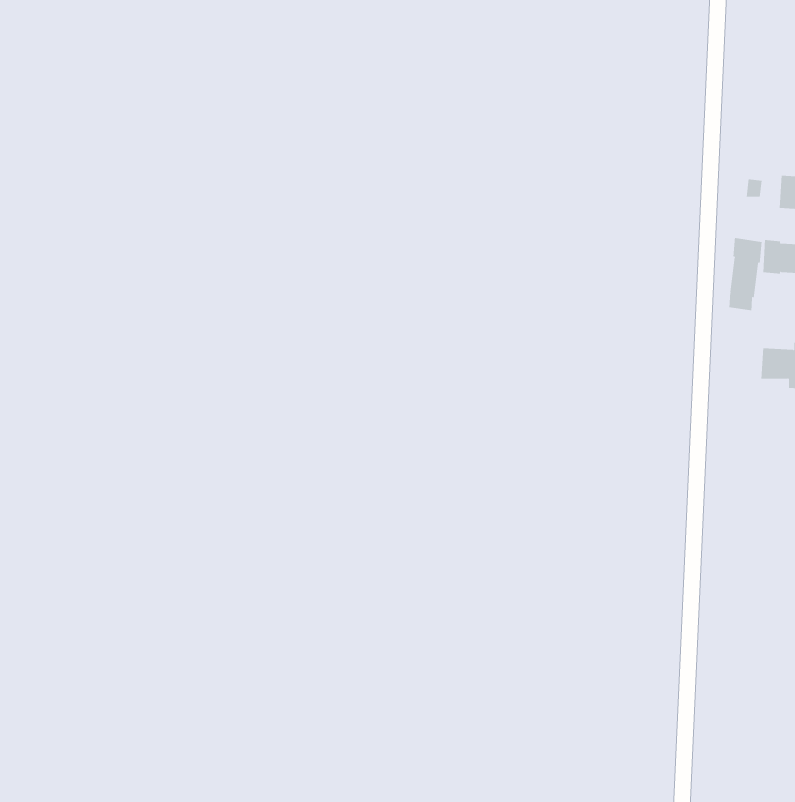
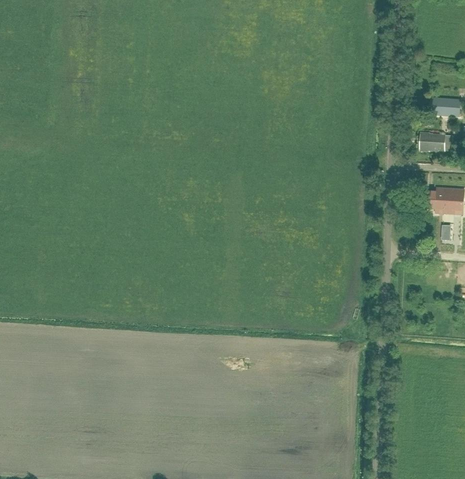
building: [729,237,762,311] -> none

